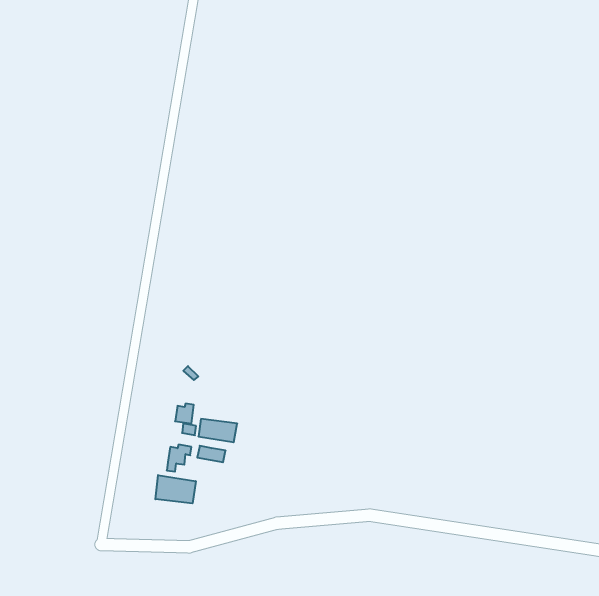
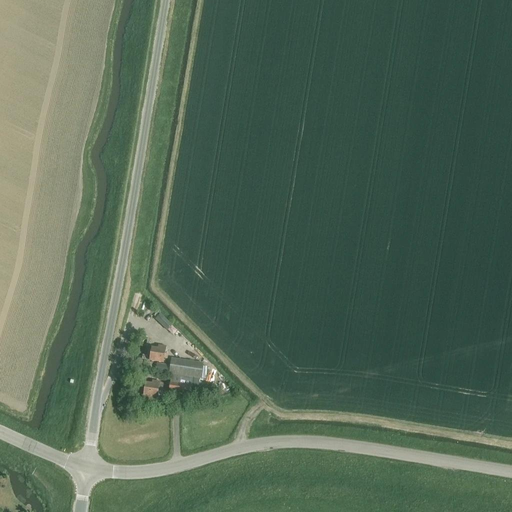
building: [155,475,196,503] -> none

